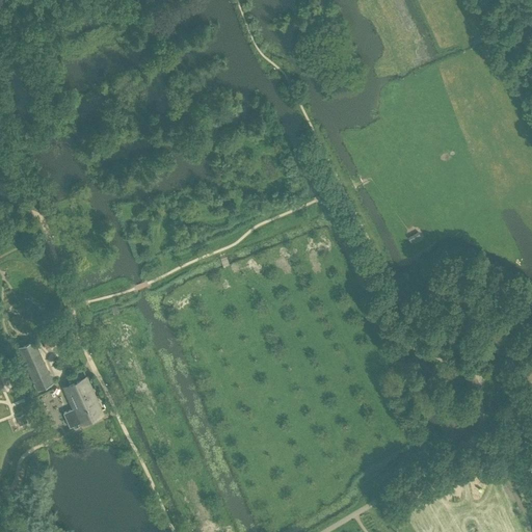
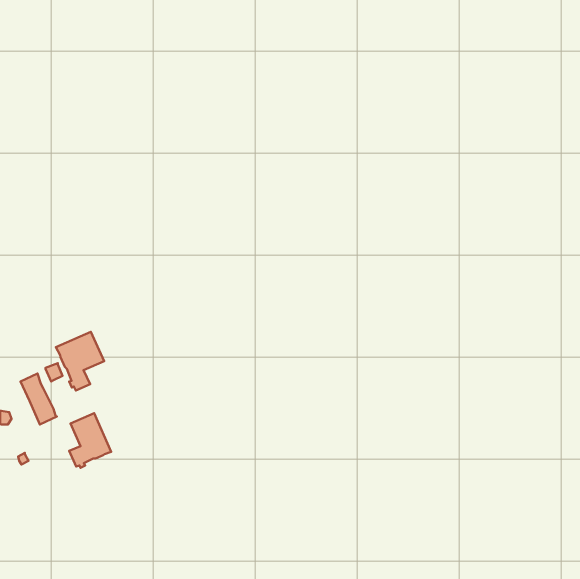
building: none -> [56,332,104,391]

